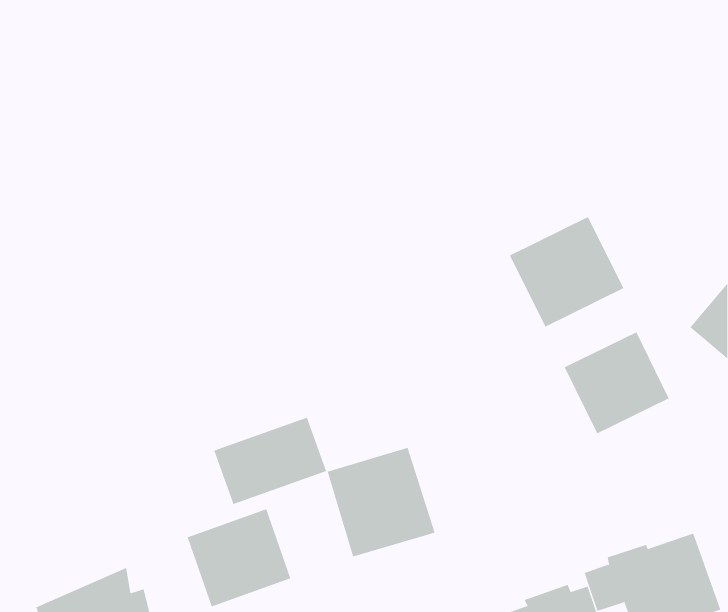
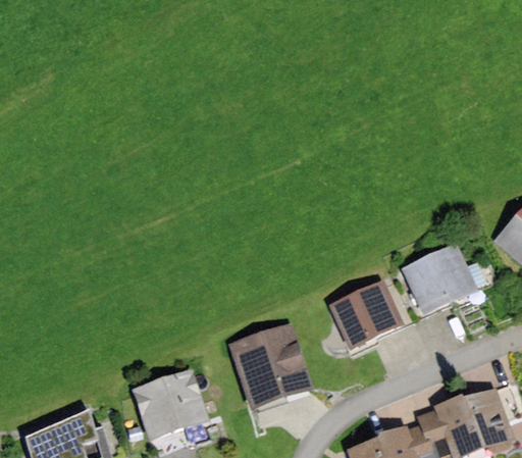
building: [509,216,624,327] -> none
building: none -> [332,282,403,347]
building: [214,417,327,505] -> none

